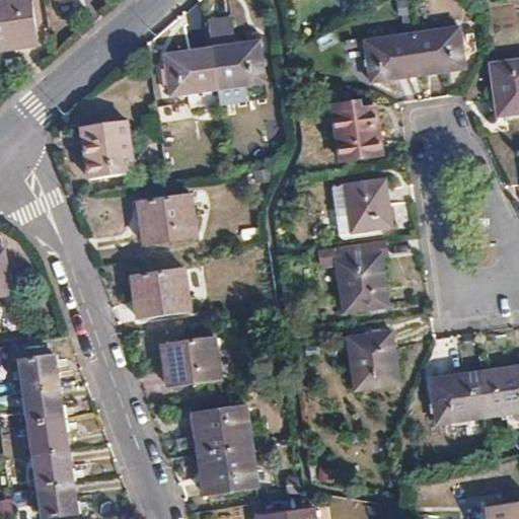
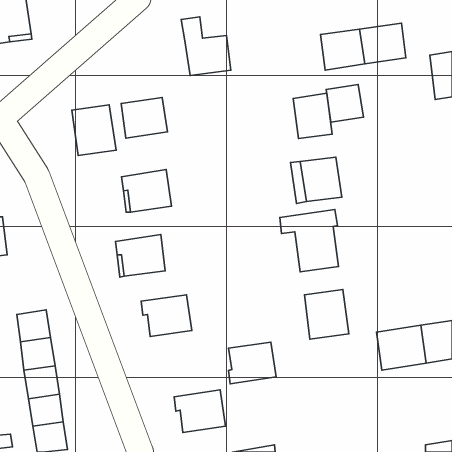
building: [164,47,217,93] -> [121,97,167,138]
building: none -> [326,85,363,122]
building: [197,405,251,453] -> [228,342,276,384]

